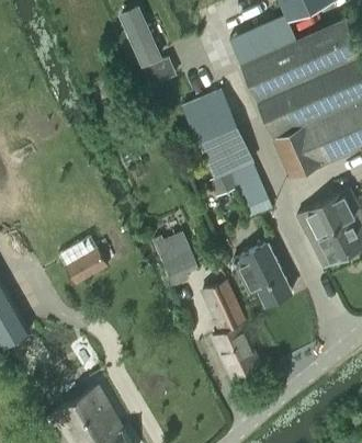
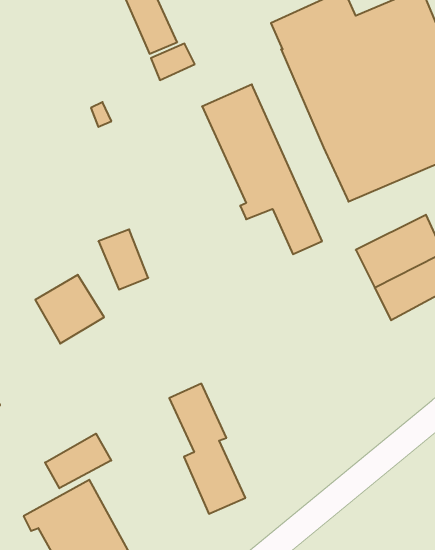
building: [158,235,195,280] -> [98,229,148,290]
building: [234,243,292,304] -> none
building: [203,281,260,378] -> [169,384,245,514]
building: none -> [45,434,111,488]

